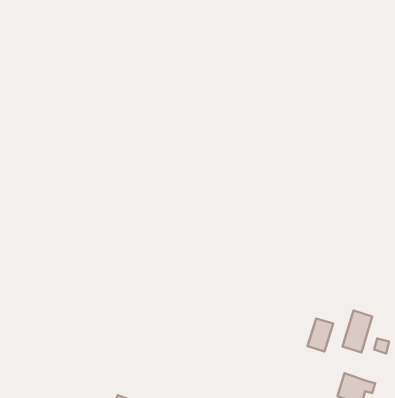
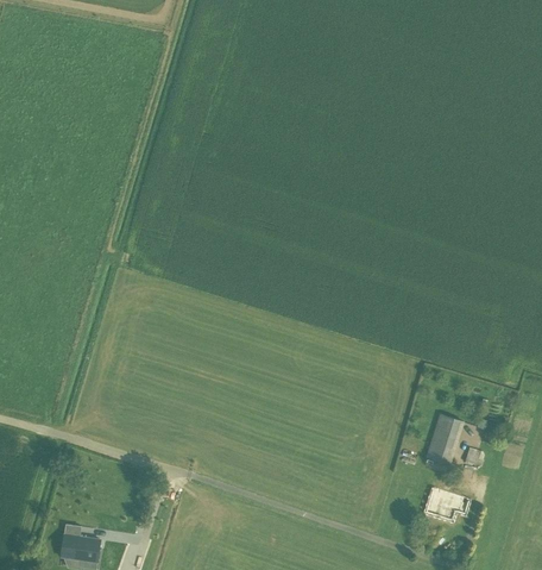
building: [308,318,333,351] -> none

